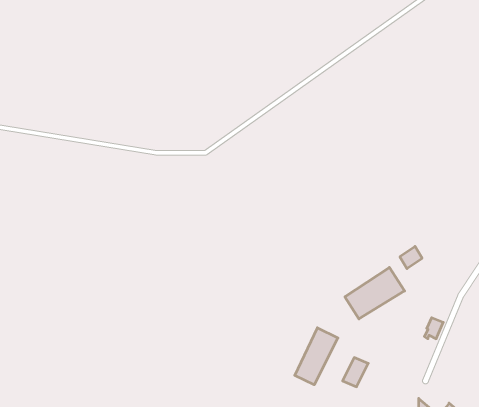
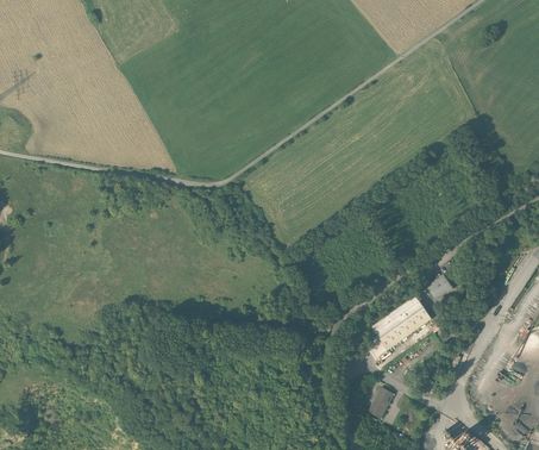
building: [295,328,338,385] -> none

